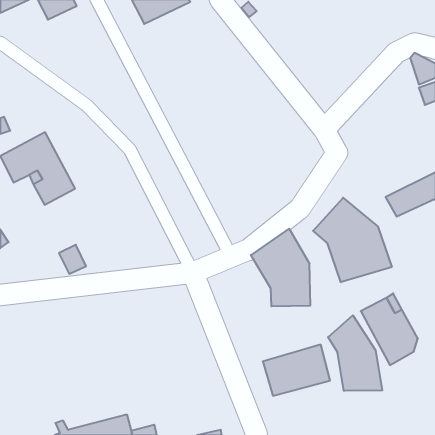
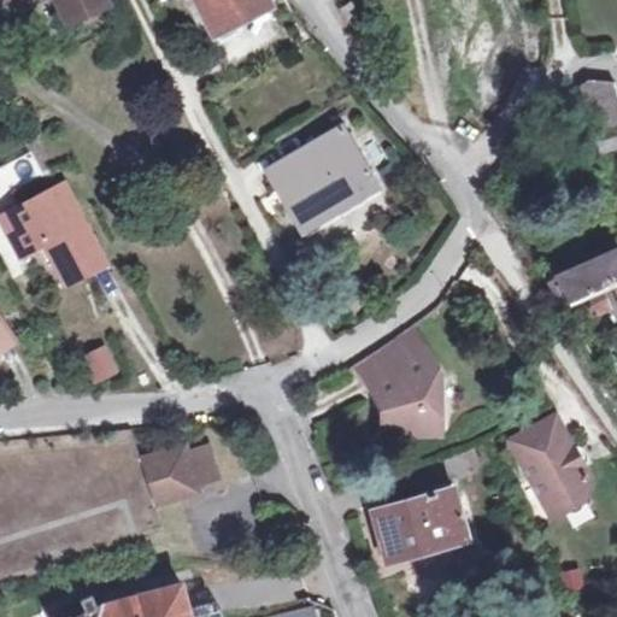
building: none -> [268,127,380,233]
building: [313,198,392,282] -> none
building: [328,315,382,391] -> none
building: none -> [143,447,217,505]

